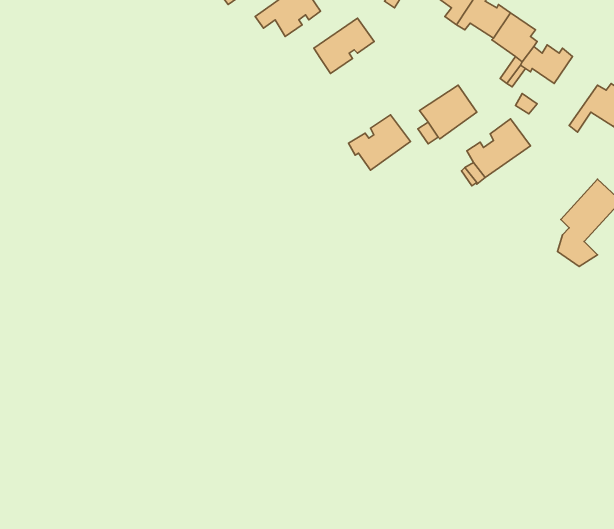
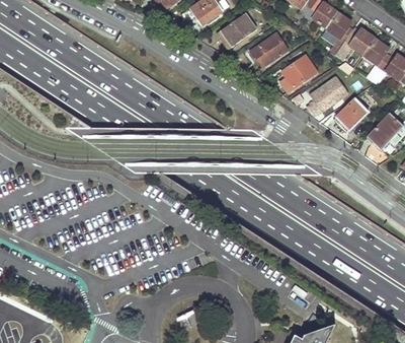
building: none -> [361,38,389,79]
building: [349,115,411,170] -> [250,32,288,66]
building: none -> [335,97,368,130]

